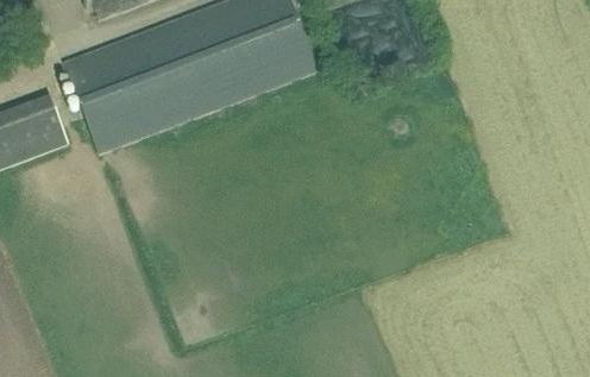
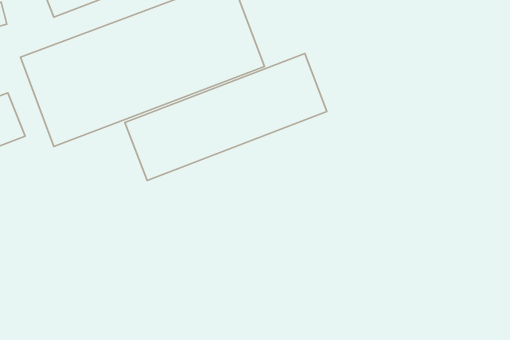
building: none -> [125,54,327,180]

